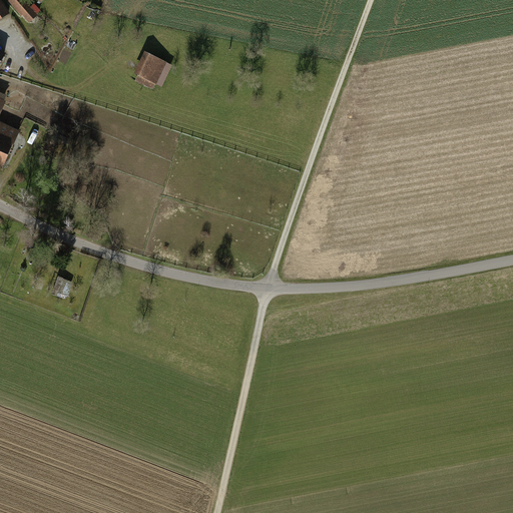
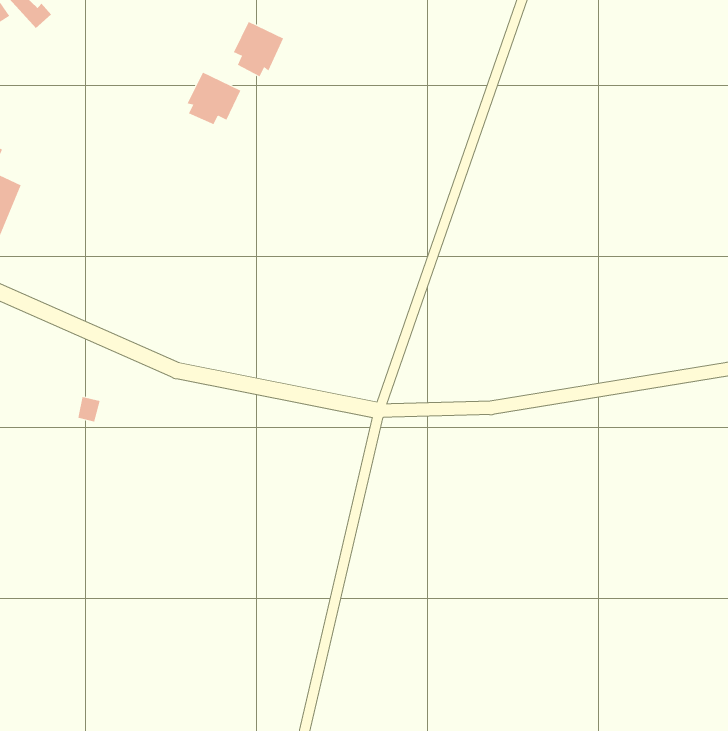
building: none -> [233,21,284,77]

